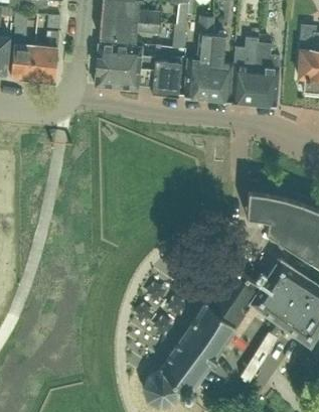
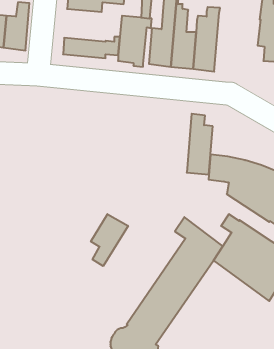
building: [253,43,280,107] -> [187,114,213,174]
building: [96,44,155,74] -> none
building: none -> [91,214,128,266]

